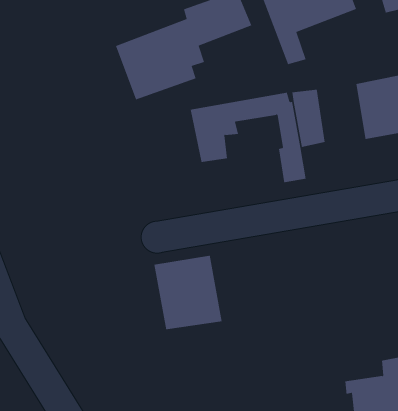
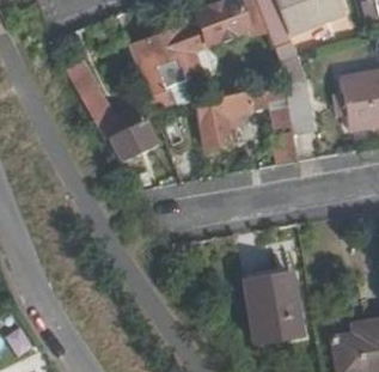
building: none -> [72,78,153,163]
building: [153,255,223,330] -> [237,275,298,341]

